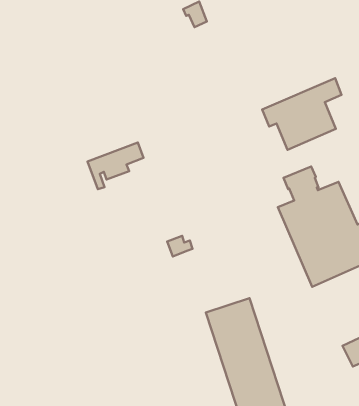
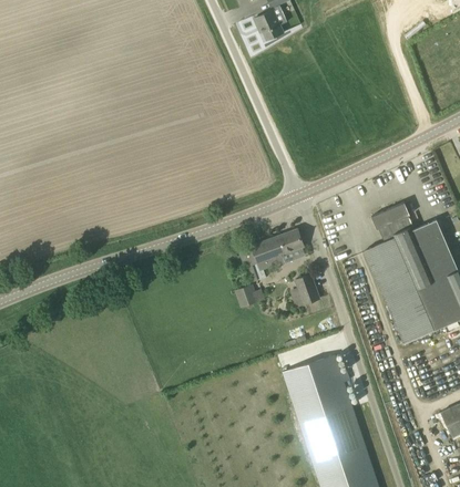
building: [262,78,341,150] -> none
building: [88,143,143,189] -> [238,228,304,282]
building: none -> [294,273,319,304]

